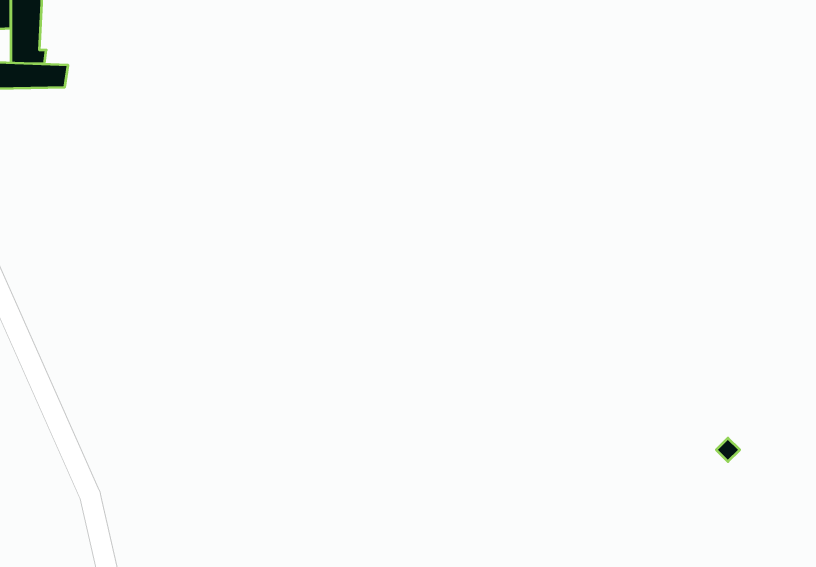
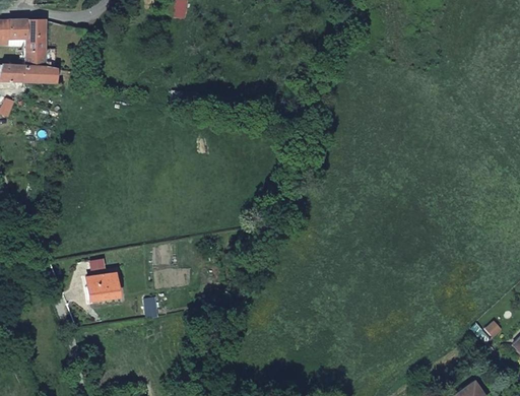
building: none -> [86,277,116,306]

